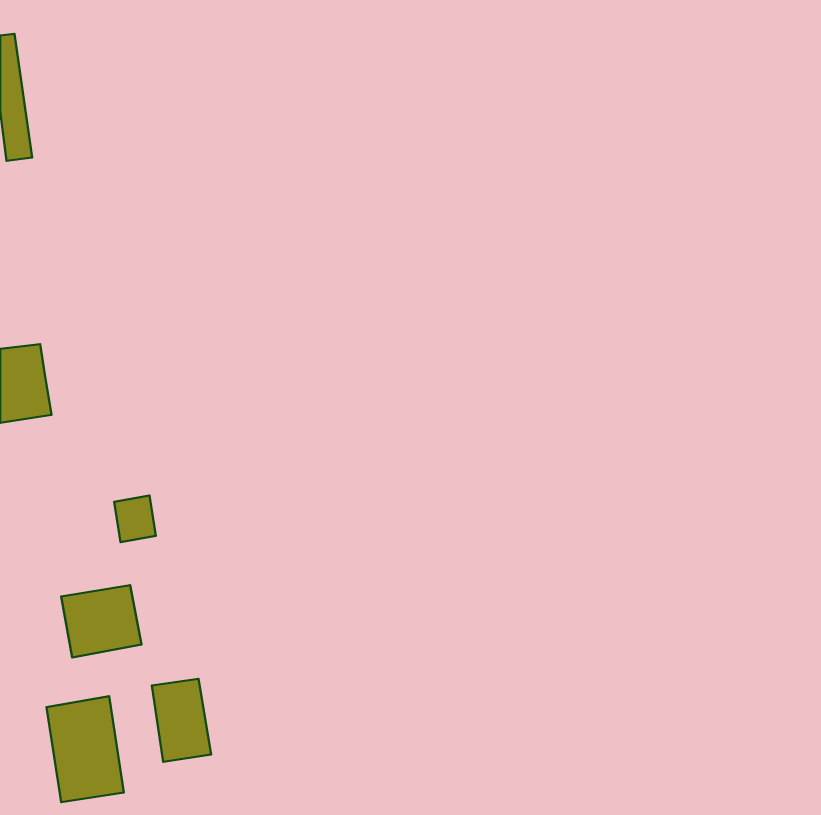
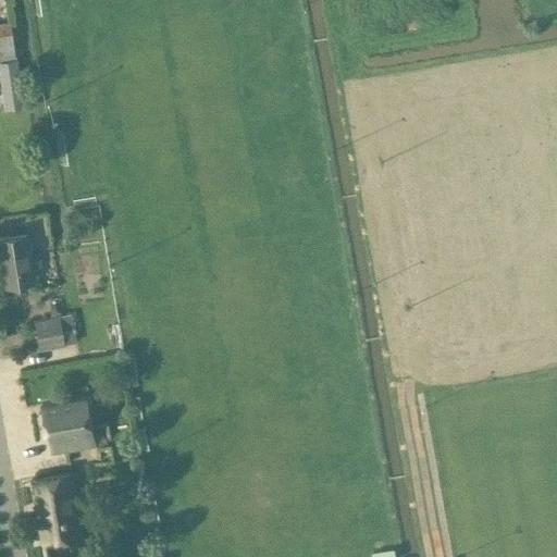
building: [114,496,156,542] -> [34,321,62,352]
building: [152,679,211,762] -> none

